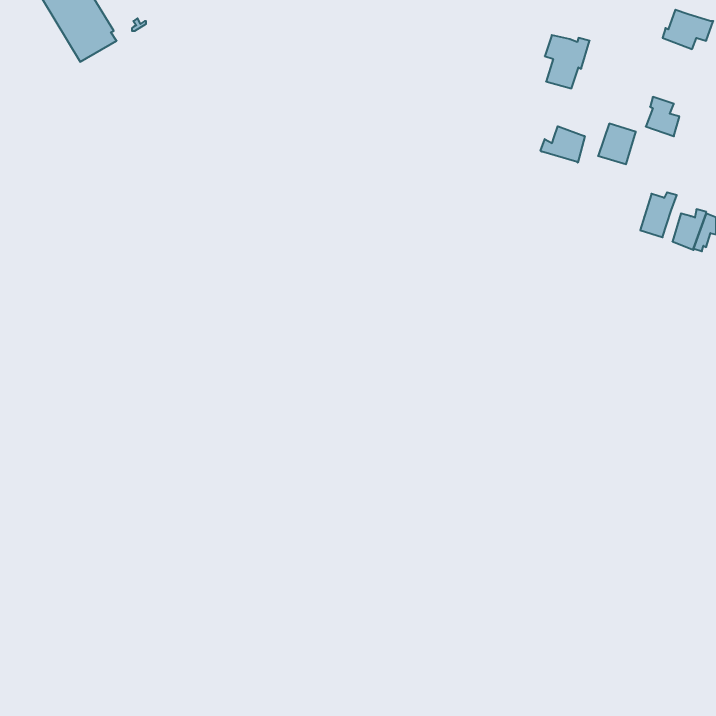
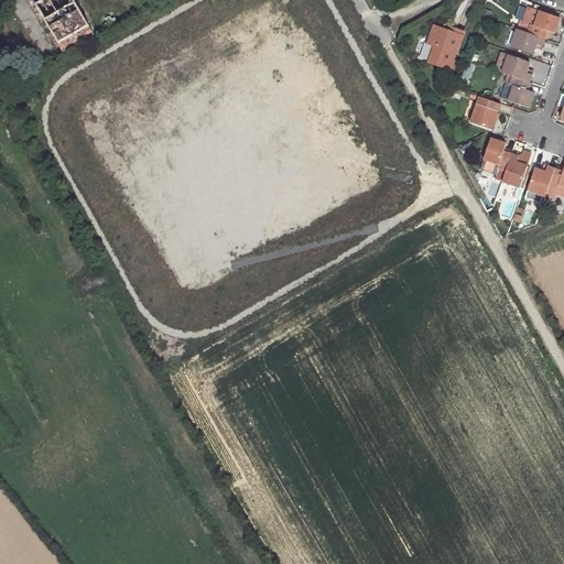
building: none -> [510,29,543,54]
building: none -> [501,55,531,82]
building: [541,126,585,163] -> none
building: none -> [482,137,511,170]

